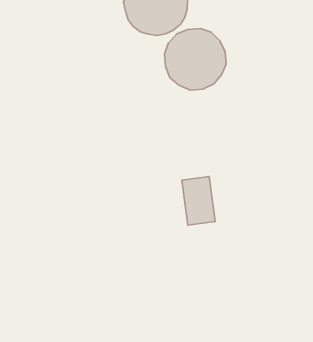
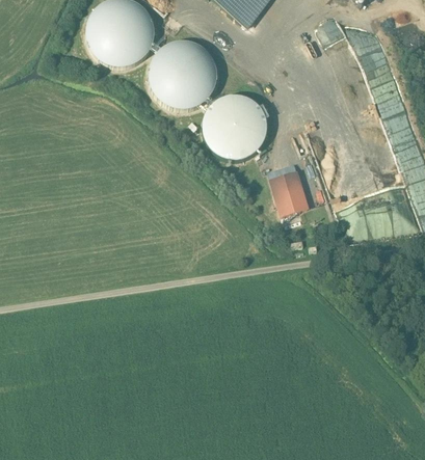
building: [182,177,215,225] -> [267,162,308,215]

